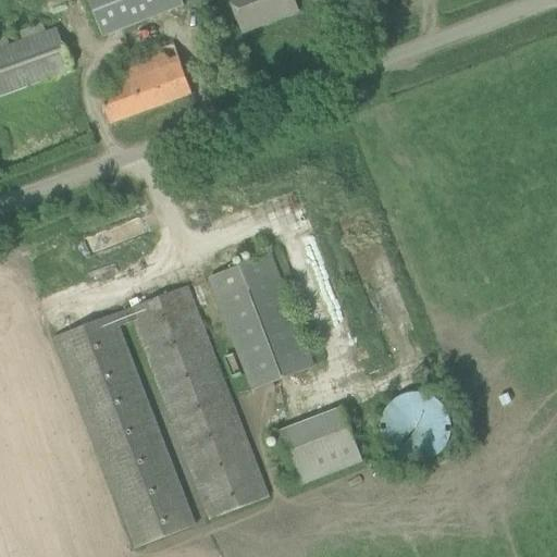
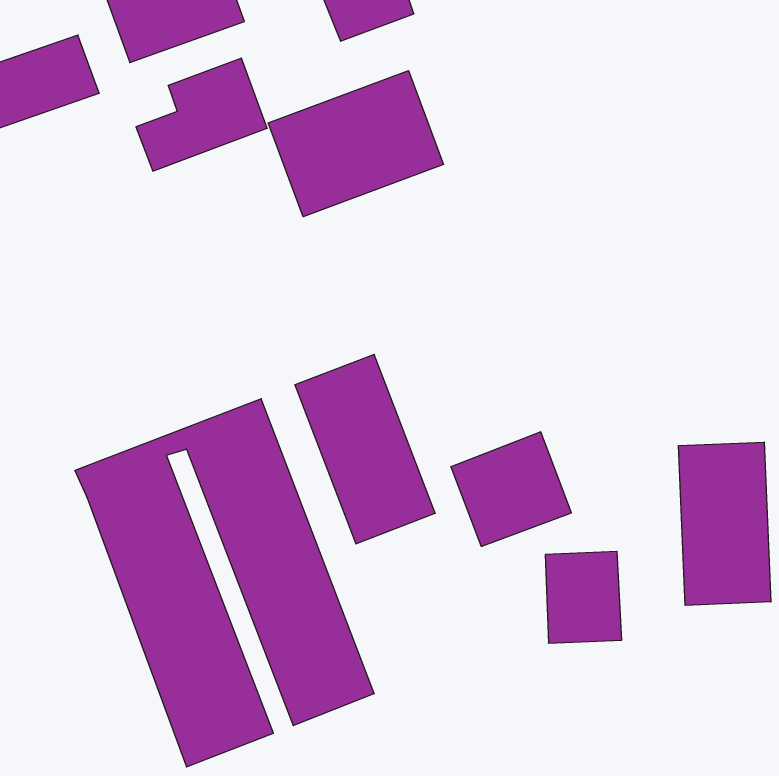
building: none -> [268,71,443,217]
building: none -> [679,442,771,605]
building: [276,405,362,486] -> [451,432,571,546]

